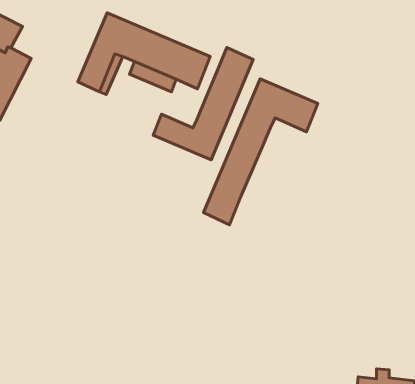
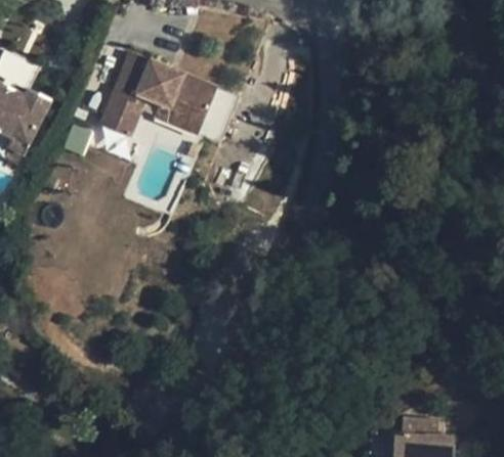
building: [153,47,253,160] -> none
building: [203,79,318,225] -> none

